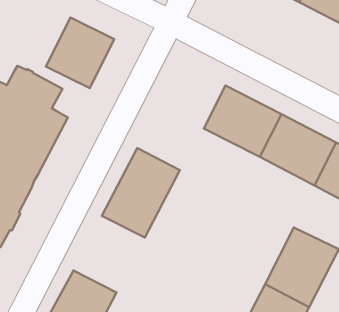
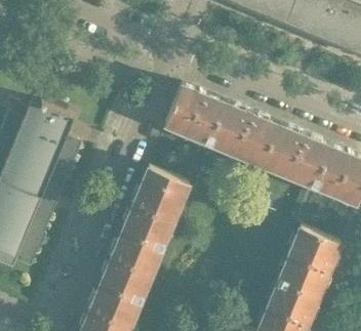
building: [46,18,114,88] -> none
building: none -> [165,86,224,144]
building: none -> [99,233,162,301]

